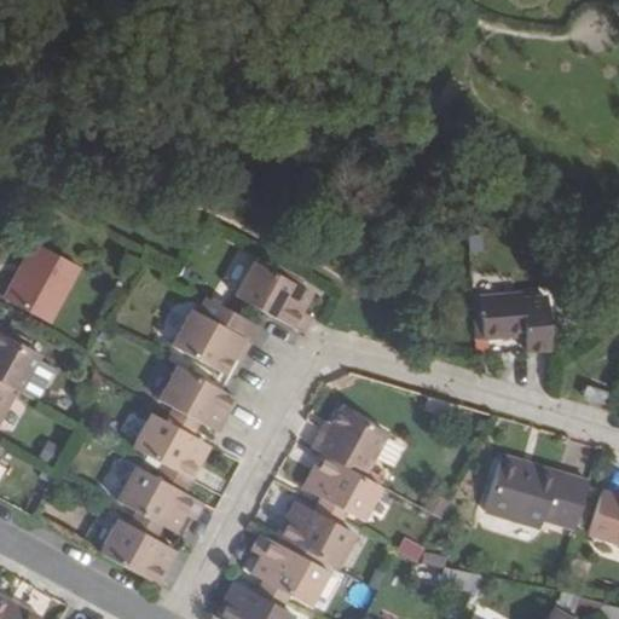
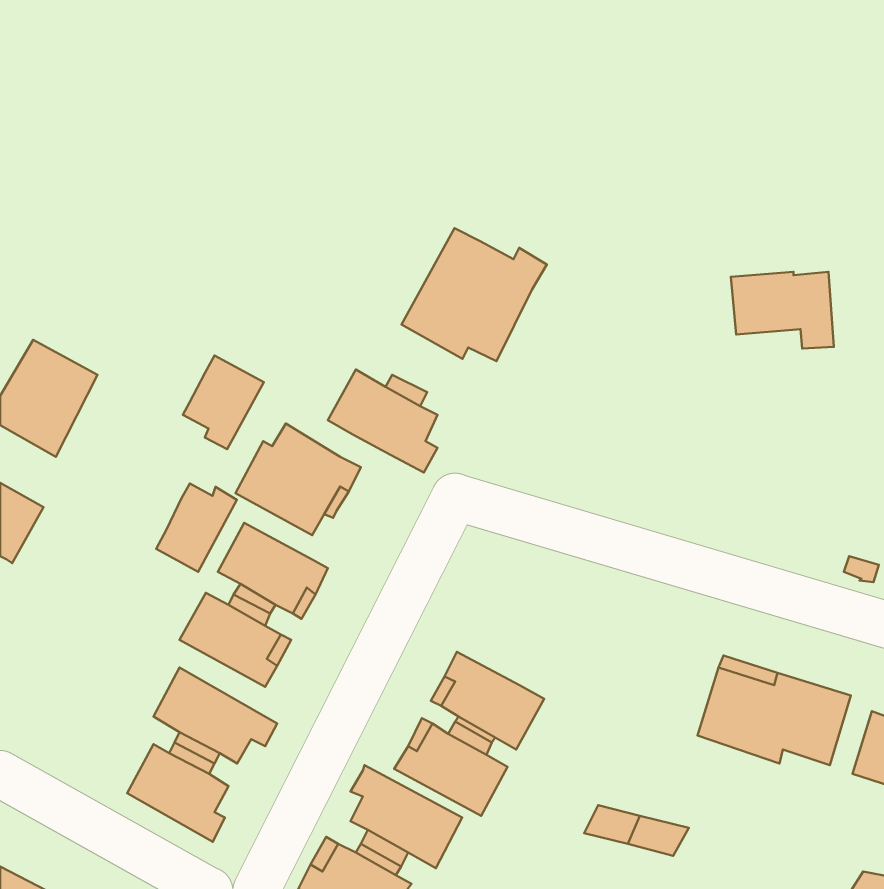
building: none -> [401,228,547,361]
building: none -> [183,356,264,449]
building: [484,293,555,346] -> [731,272,834,348]
building: none -> [156,484,237,572]
building: [312,407,389,476] -> none

